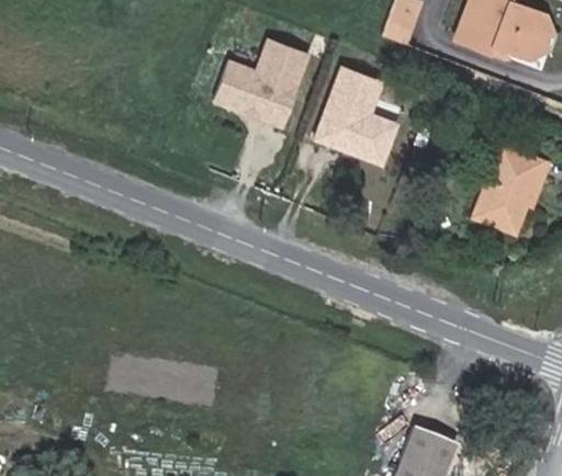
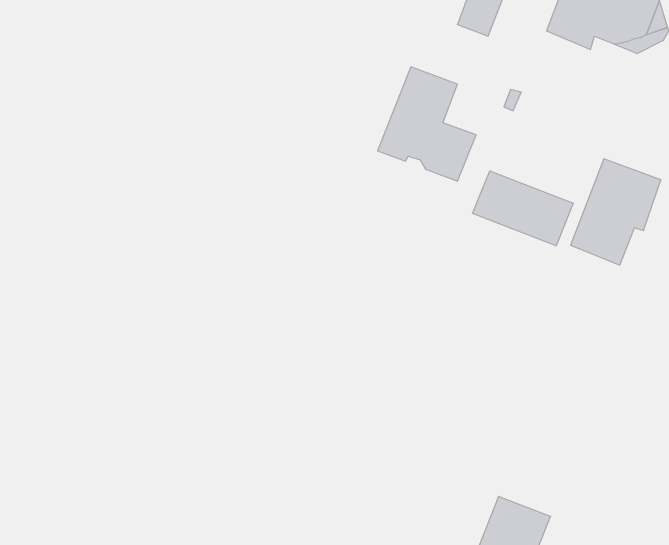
building: [216,42,308,127] -> none
building: none -> [473,171,573,246]

